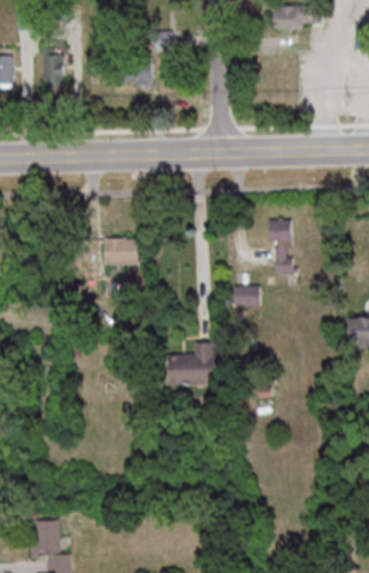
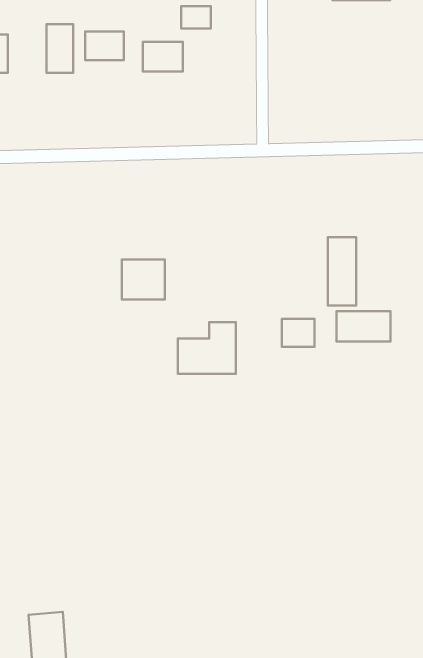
building: none -> [85,32,124,60]
building: none -> [336,311,391,342]
building: [168,342,215,384] -> [178,322,236,374]

